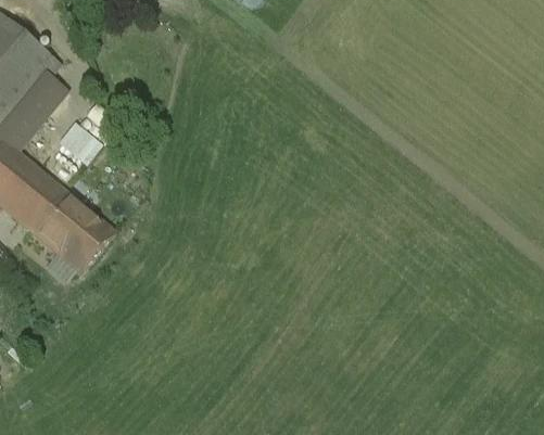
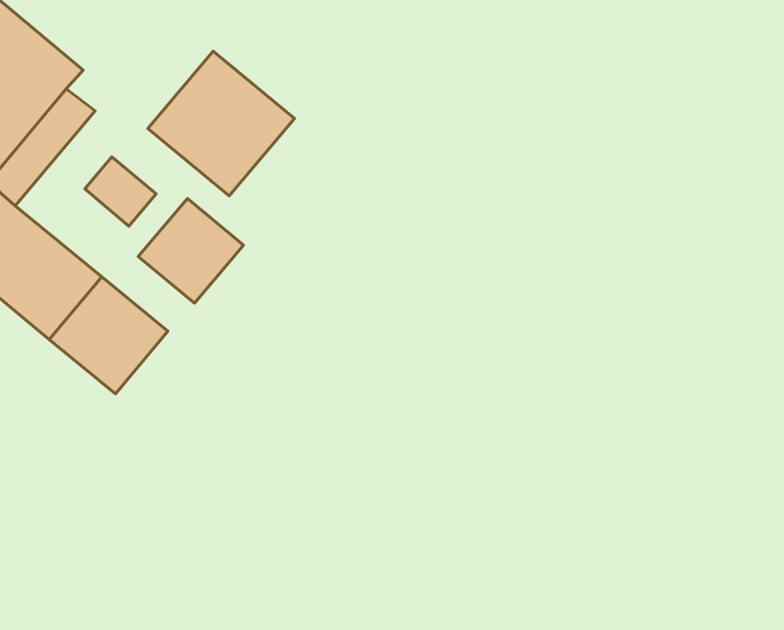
building: none -> [148,51,294,196]
building: none -> [138,199,243,303]

